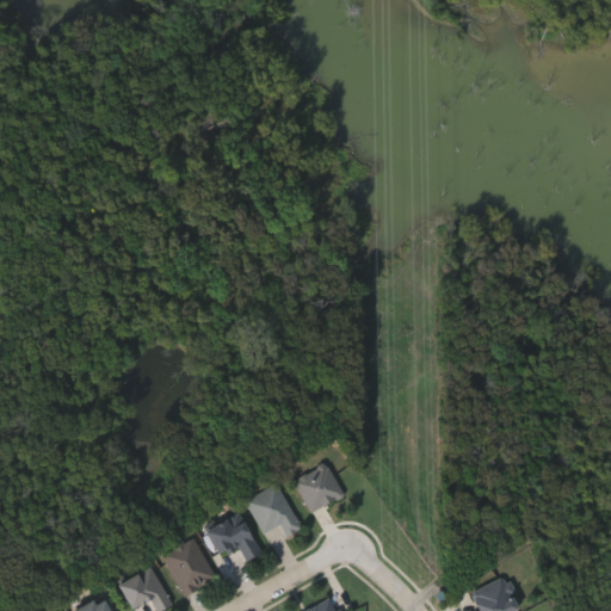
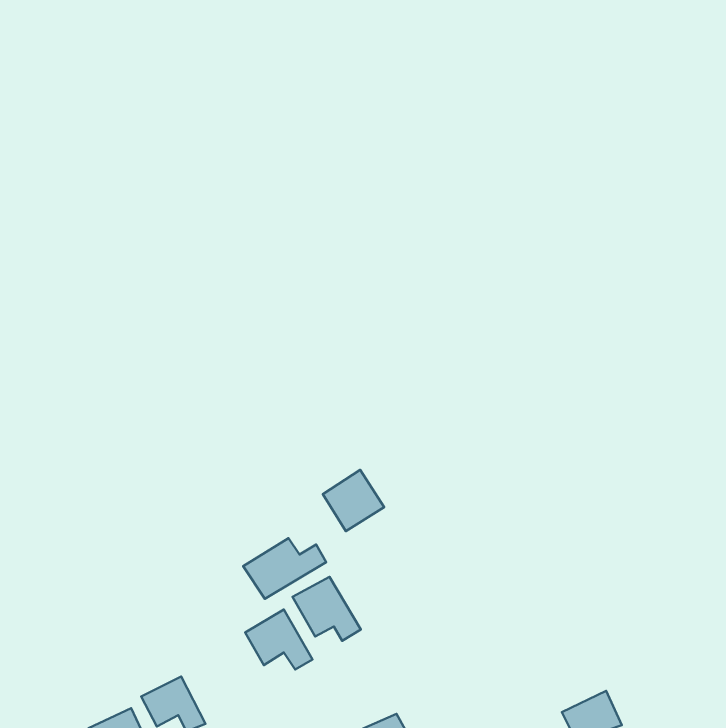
building: none -> [243,538,326,599]
building: [292,462,344,513] -> [323,470,384,531]
building: [161,537,215,595] -> none

